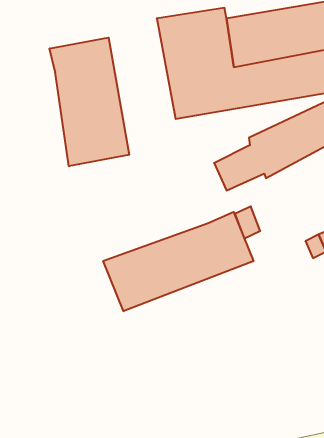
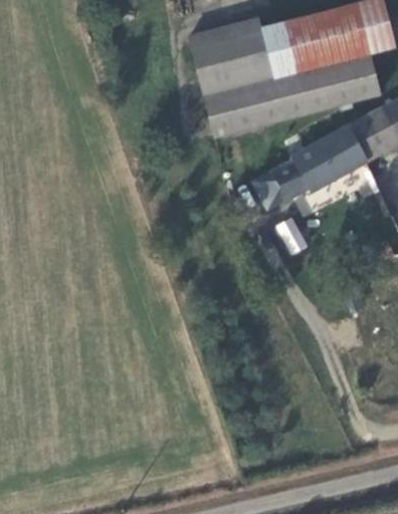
building: [50,38,129,166] -> none
building: [103,212,253,311] -> none

